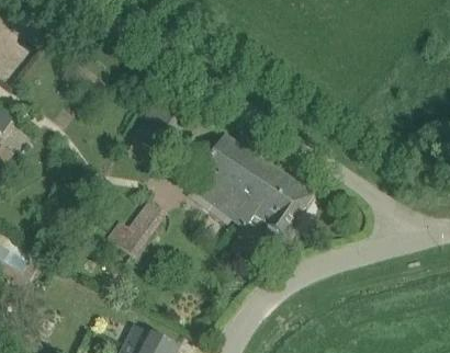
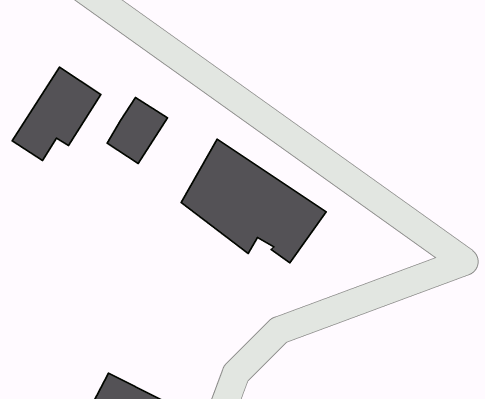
building: none -> [12,67,101,160]
building: [106,200,165,254] -> none

